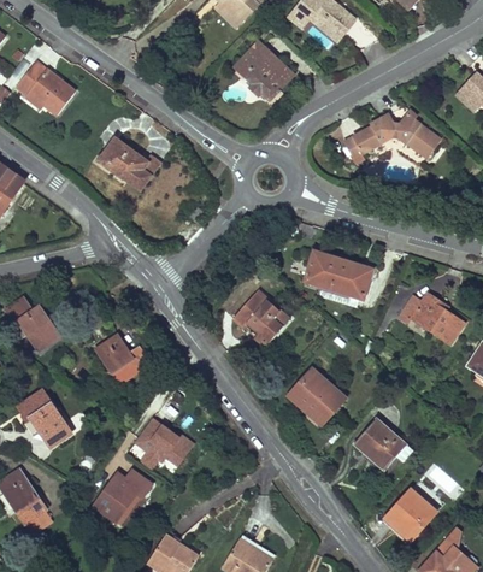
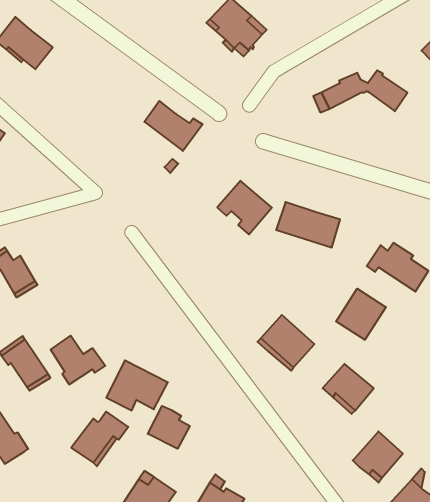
building: [100,138,160,190] -> [144,101,203,151]
building: [232,291,289,347] -> [217,181,272,234]
building: [96,335,153,385] -> [51,336,105,384]
building: none -> [336,289,386,340]
building: none -> [148,406,190,449]

